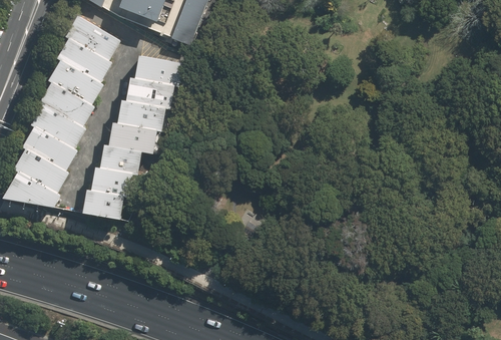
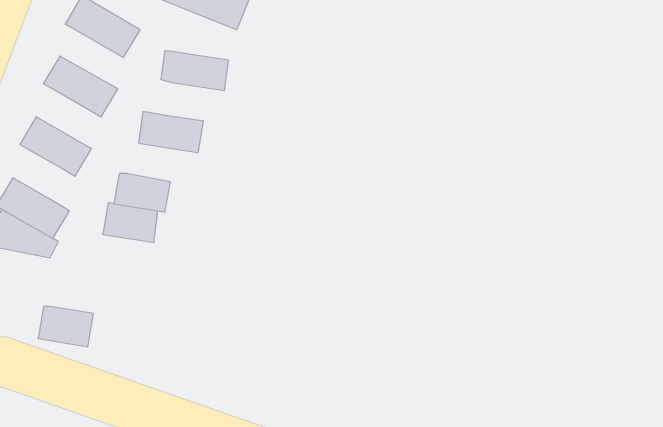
building: [58,38,111,81] -> none
building: [126,76,174,107] -> none
building: [41,81,94,125] -> none
building: [109,121,156,151] -> none
building: [24,125,77,169] -> none
building: [83,189,123,218] -> [38,307,93,347]

